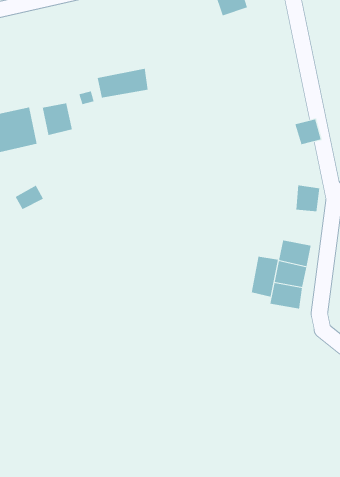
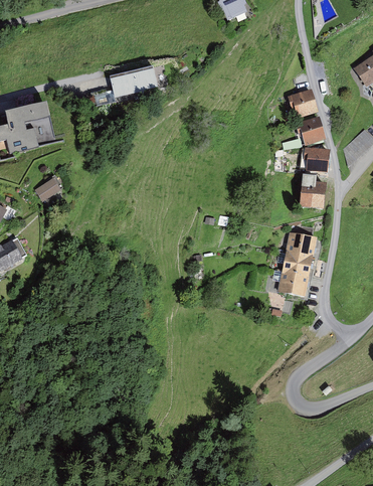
building: none -> [288,88,315,114]
building: [42,103,72,136] -> none
building: none -> [305,145,326,167]
building: [251,256,278,297] -> none

